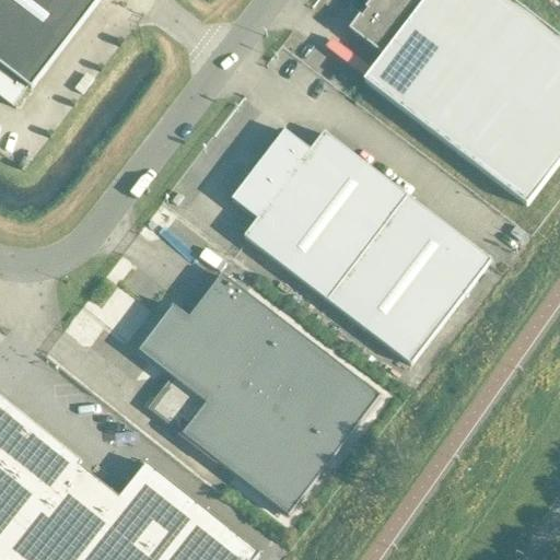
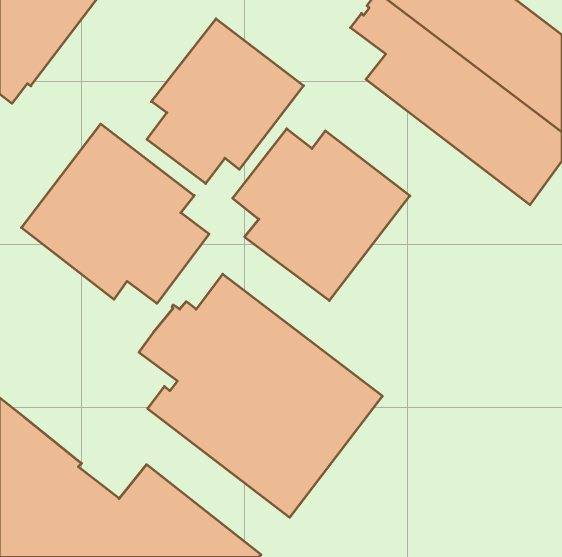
building: none -> [147,19,304,184]
building: none -> [21,124,209,303]
building: [327,195,490,363] -> none

